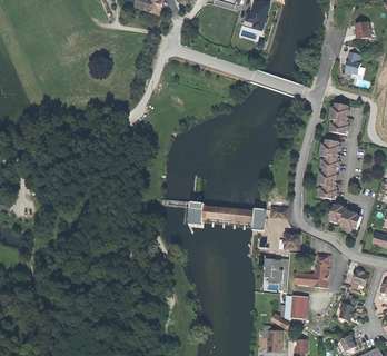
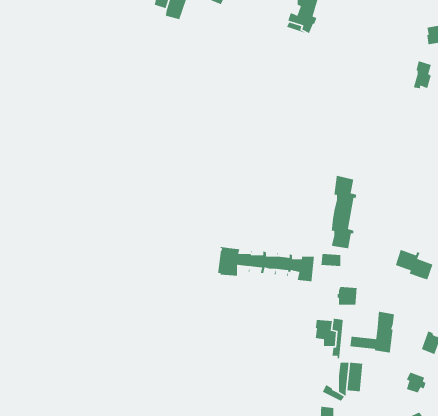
building: [331,103,350,135] -> none
building: [320,139,341,199] -> [331,175,357,249]

